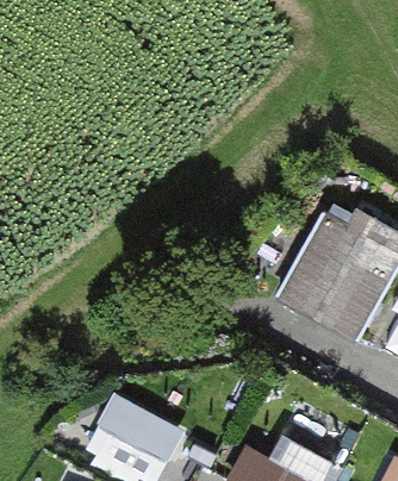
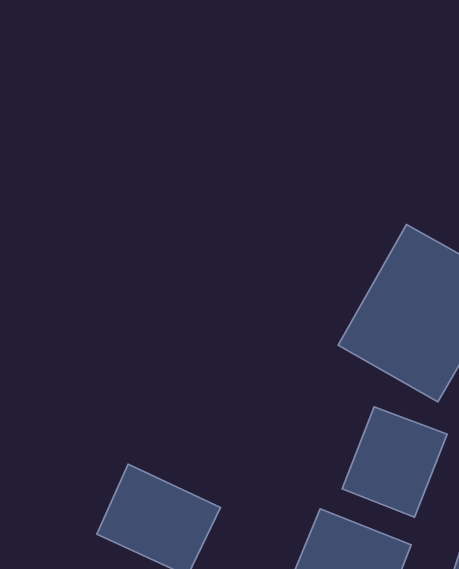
building: none -> [342,407,447,517]

